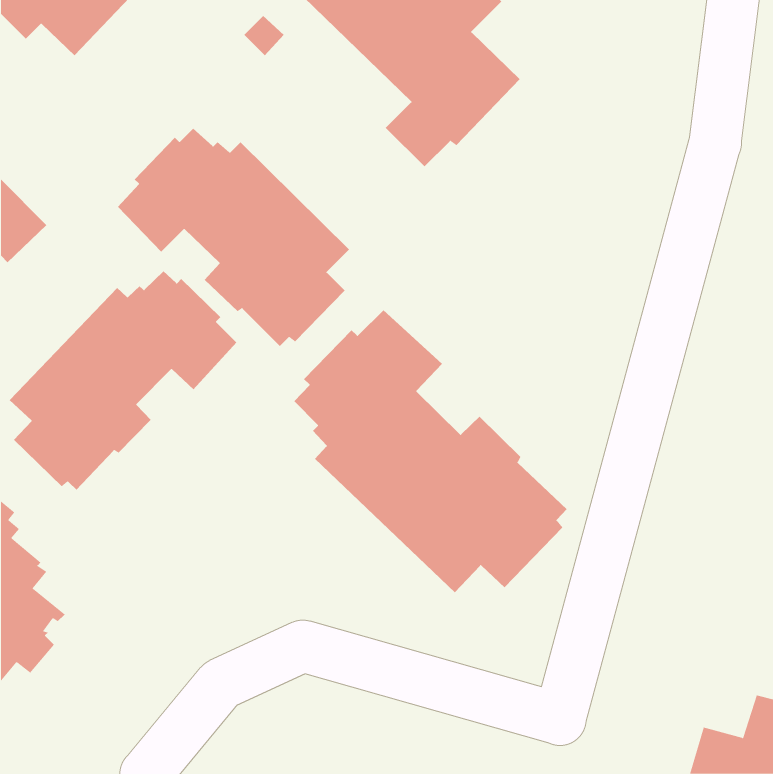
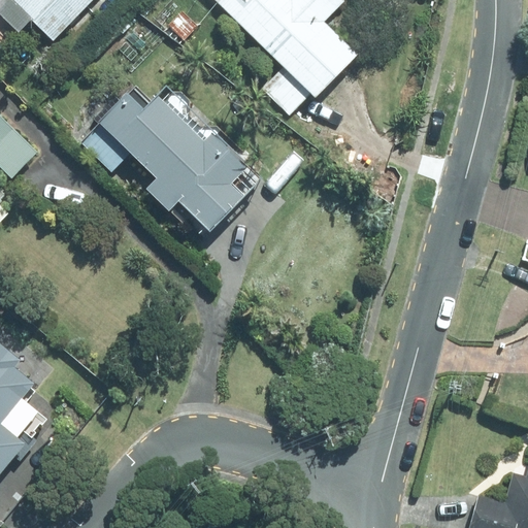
building: [9,270,237,491] -> none
building: [294,310,567,593] -> none

